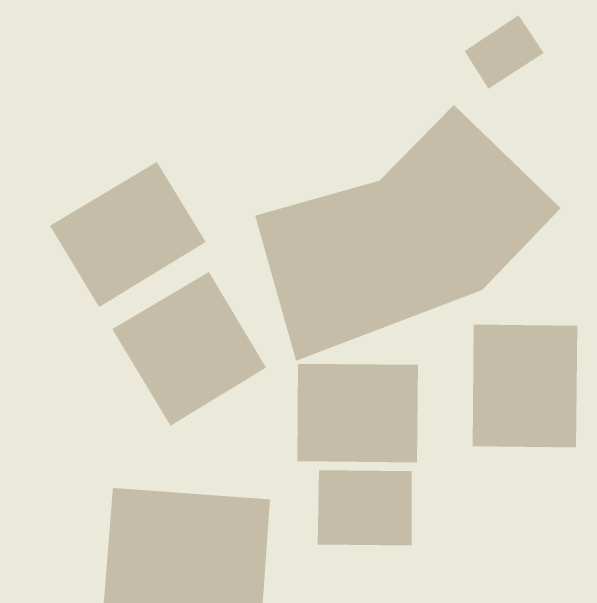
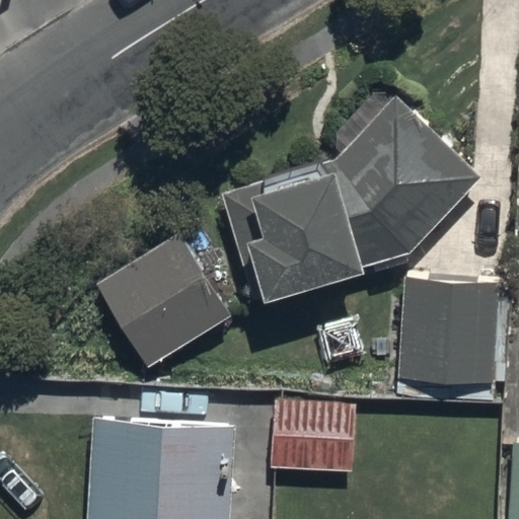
building: [49,161,207,308] -> none
building: [296,363,419,463] -> none

